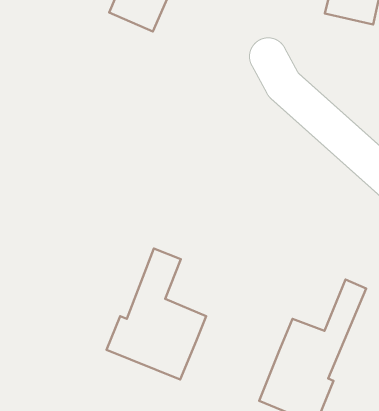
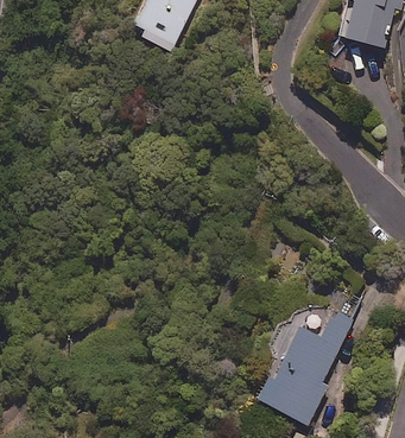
building: [107,249,206,379] -> none

